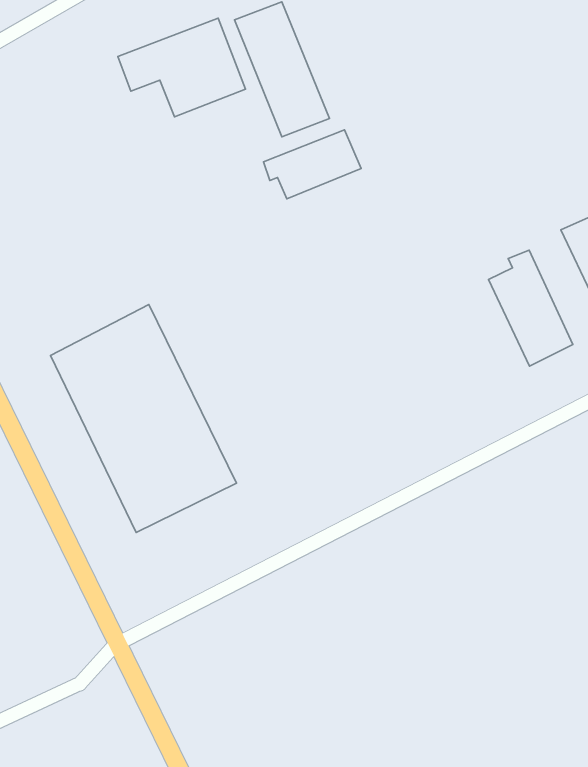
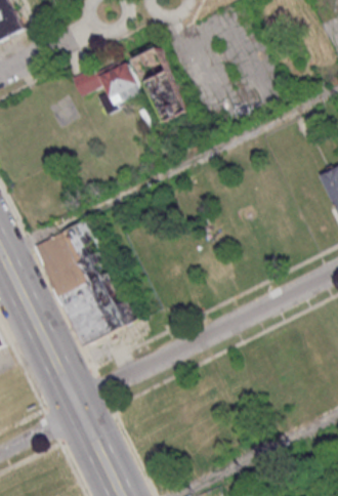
building: [263,130,361,199] -> none
building: [488,250,573,366] -> none

